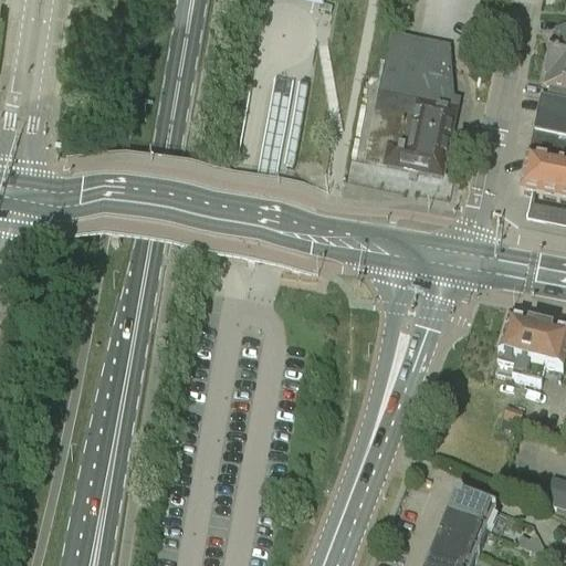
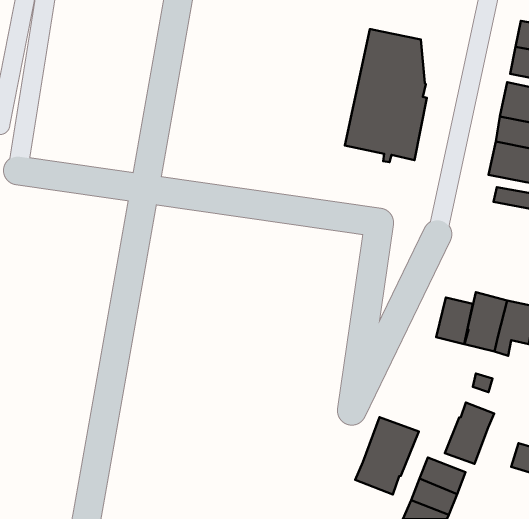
building: none -> [436,297,473,344]
building: none -> [445,402,494,464]
building: none -> [355,417,419,494]

